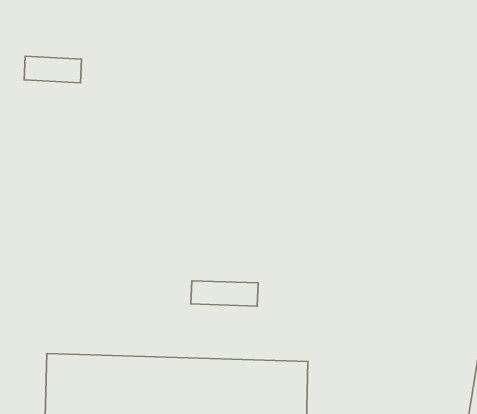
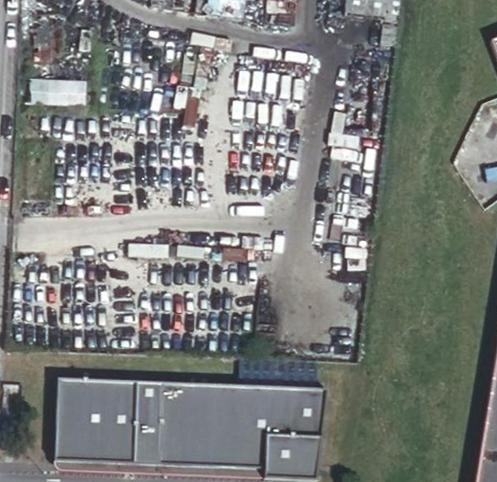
building: [191,281,258,306] -> none

